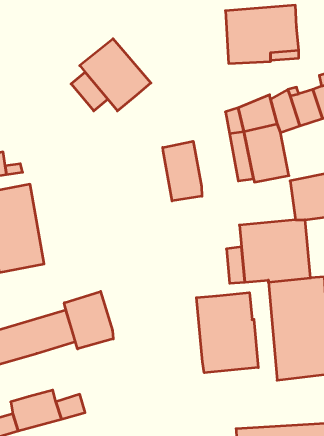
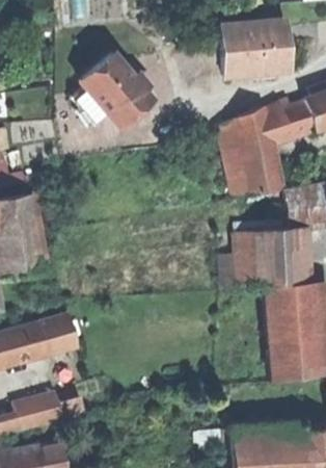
building: [163,141,202,201] -> none
building: [64,291,113,349] -> none
building: [196,293,258,373] -> none

